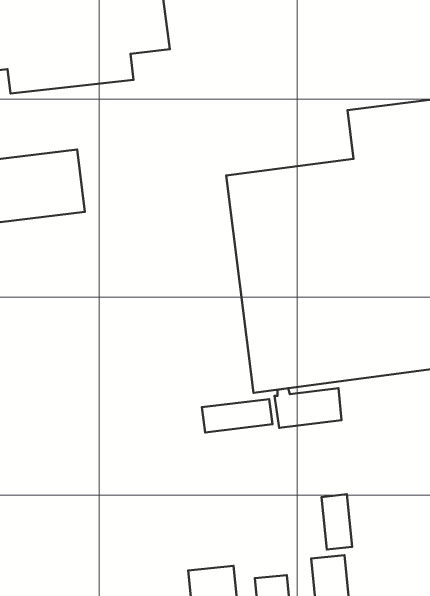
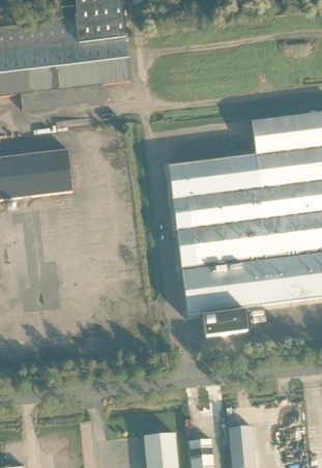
building: [202,399,272,432] -> none
building: [322,494,352,550] -> none

